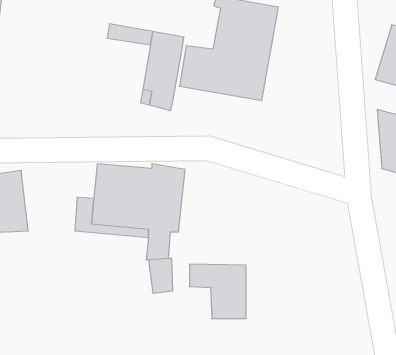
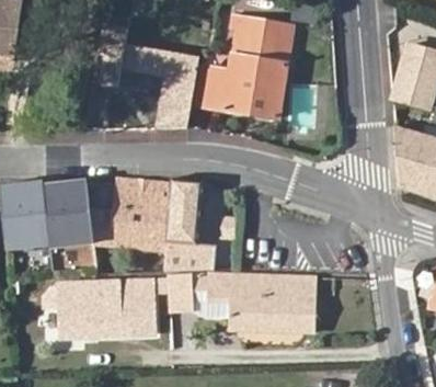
building: none -> [42,185,92,244]
building: none -> [263,278,317,332]
building: none -> [59,283,153,339]

